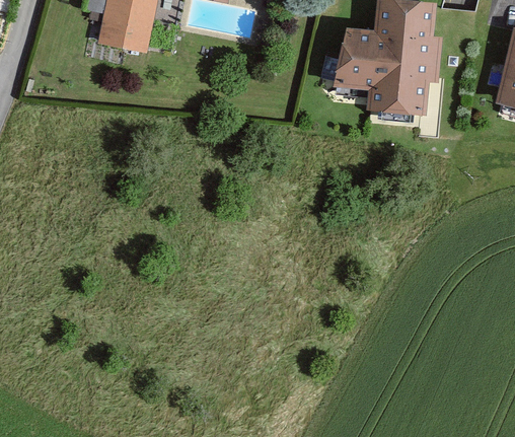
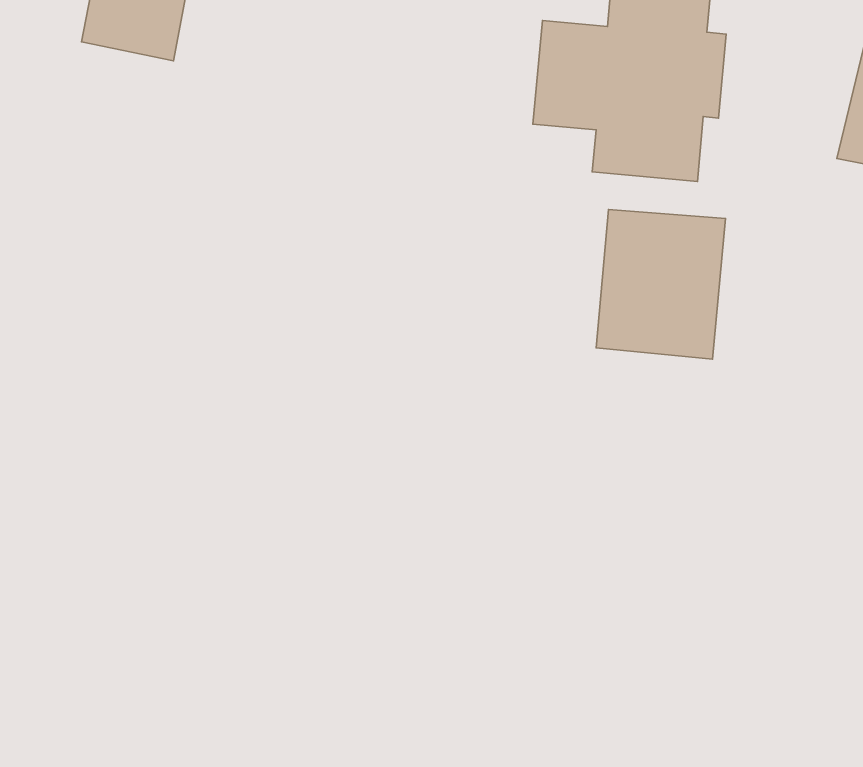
building: none -> [596,210,725,359]

